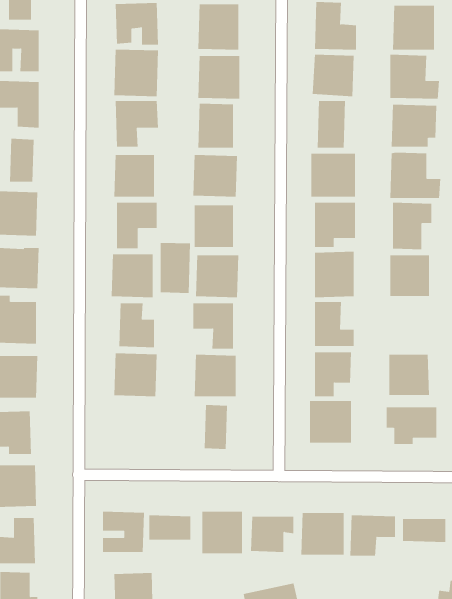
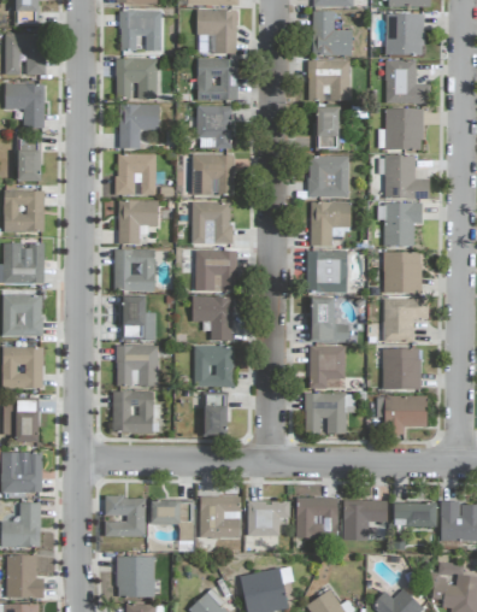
building: [160,242,191,294] -> none
building: none -> [369,295,429,340]
building: none -> [113,390,161,432]

